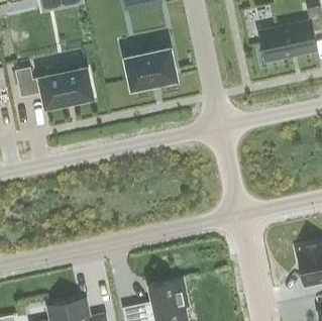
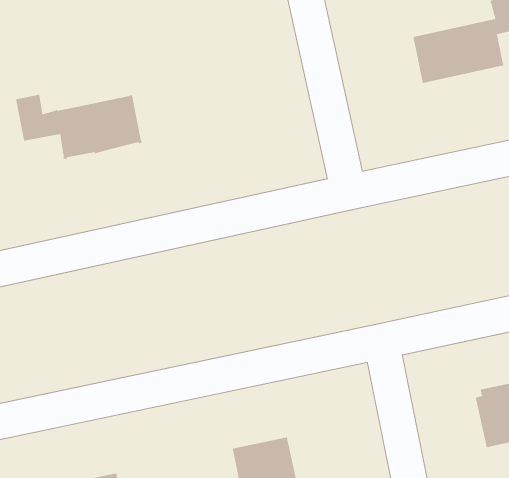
building: [124,48,177,90] -> none

